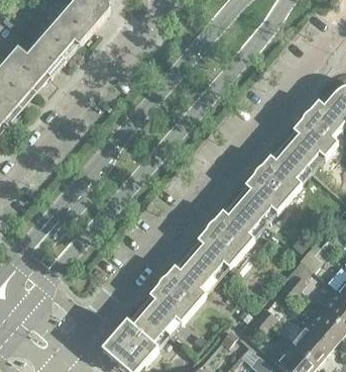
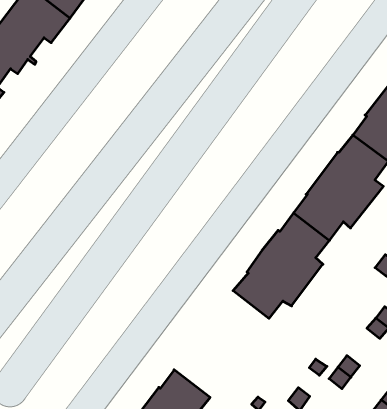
building: [139,253,212,331] -> none

